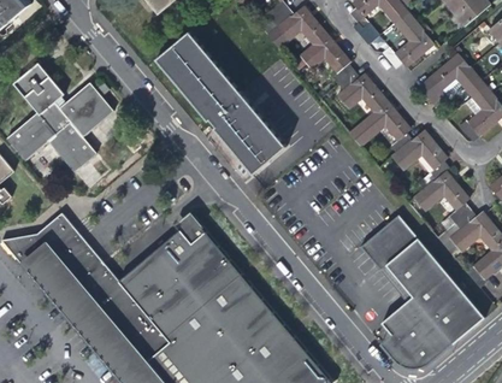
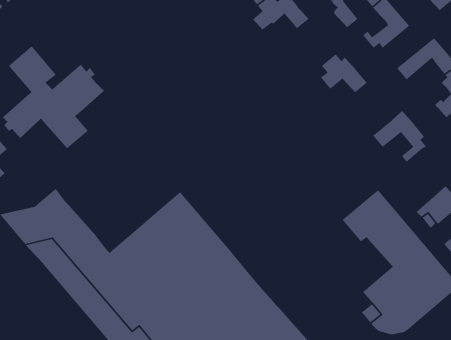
building: [301,34,355,83] -> none
building: [155,36,284,178] -> none
building: [350,101,414,153] -> none
building: [415,171,471,222] -> none

